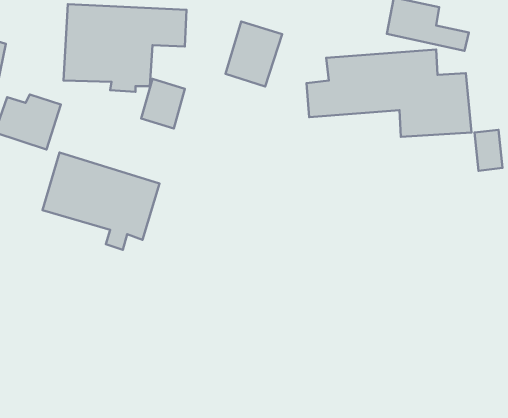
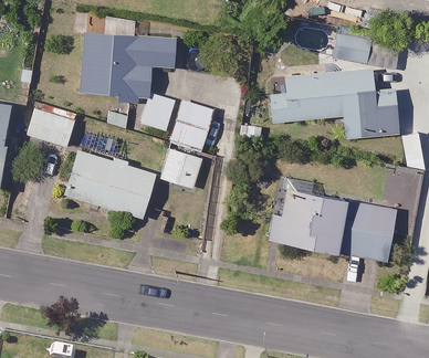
building: [226,22,282,87] -> [168,98,212,149]
building: none -> [159,147,200,187]
building: none -> [268,185,395,260]

